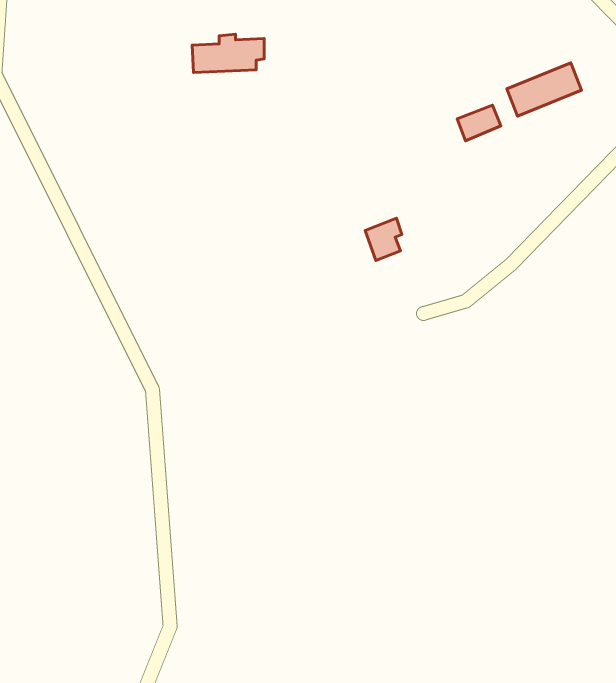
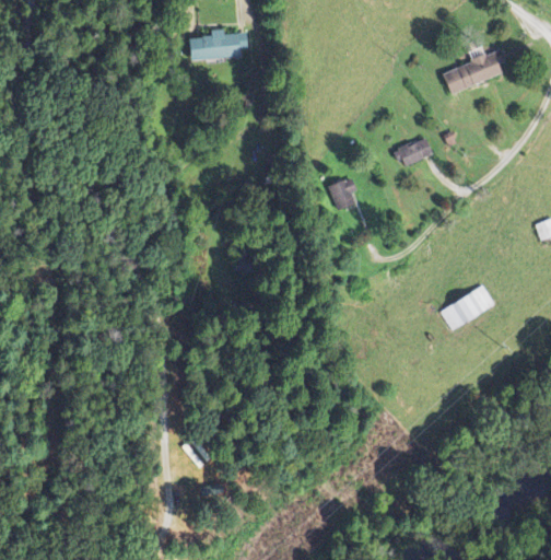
building: [457,105,501,141] -> [398,138,433,166]
building: none -> [441,284,494,329]

